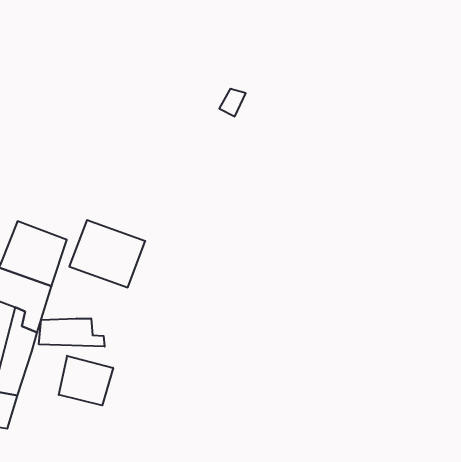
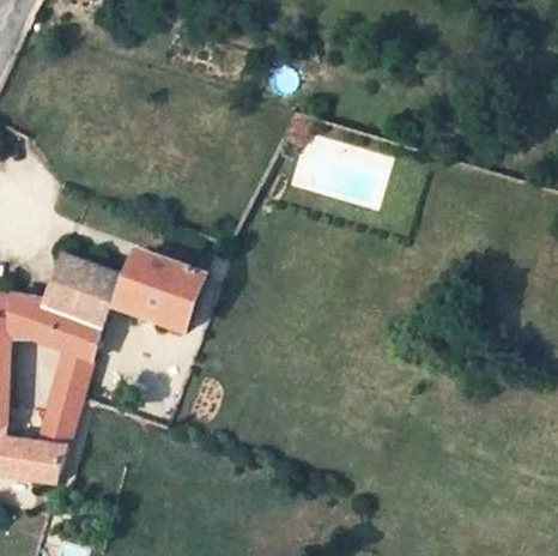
building: [39,318,105,347] -> none
building: [59,356,113,405] -> none

